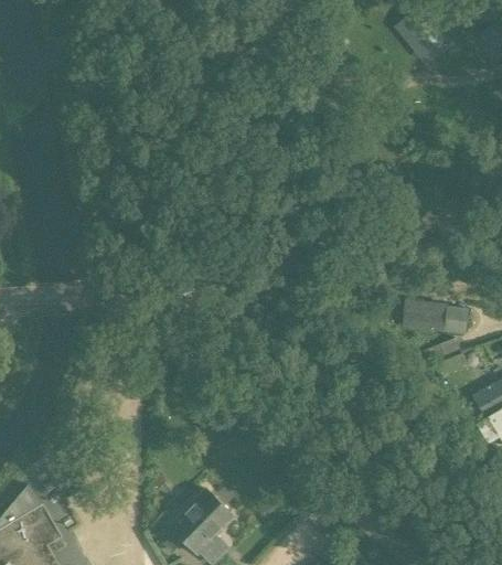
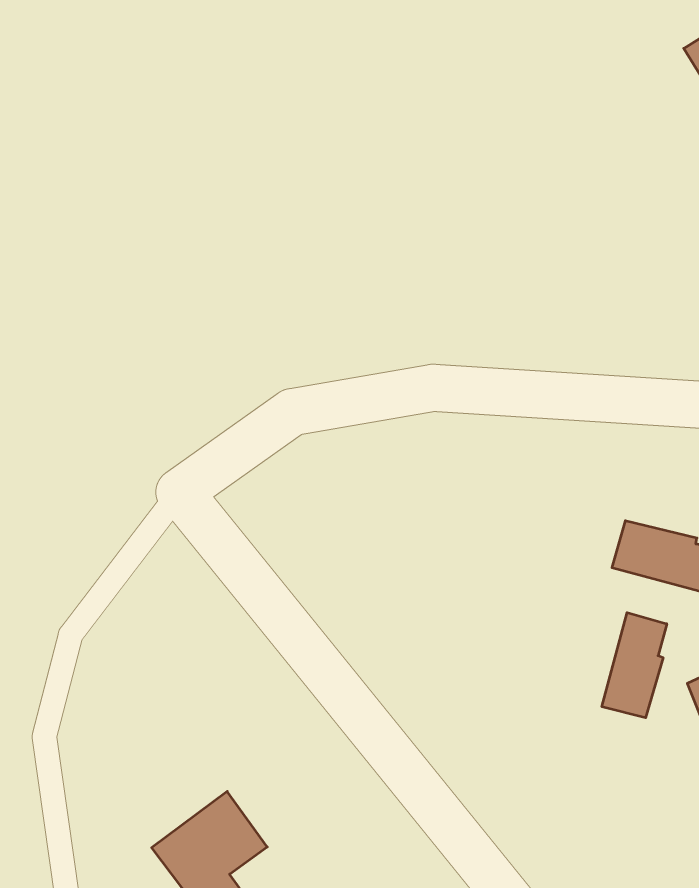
building: none -> [602,613,667,718]

